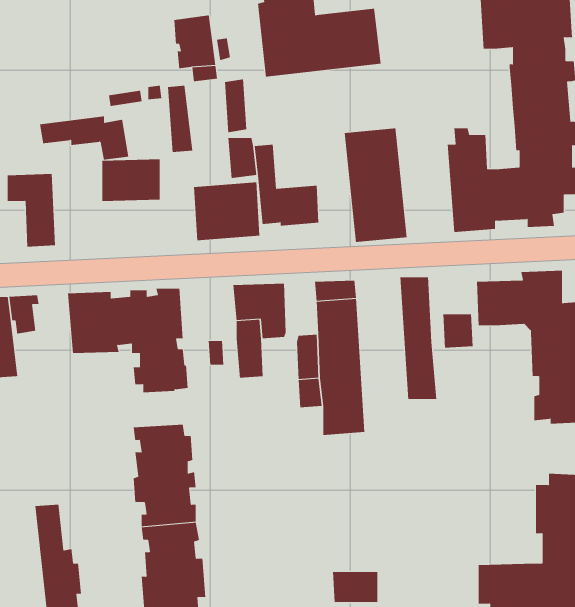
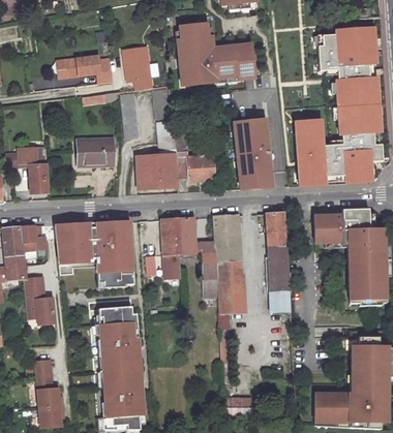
building: [39,116,129,160] -> [56,57,113,85]
building: [442,314,473,348] -> [271,290,291,312]
building: none -> [24,274,54,321]

